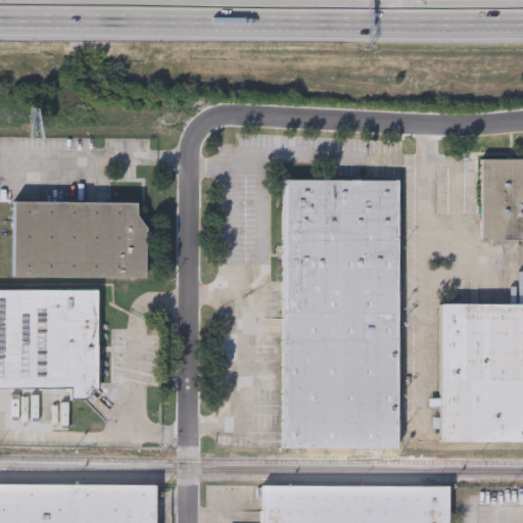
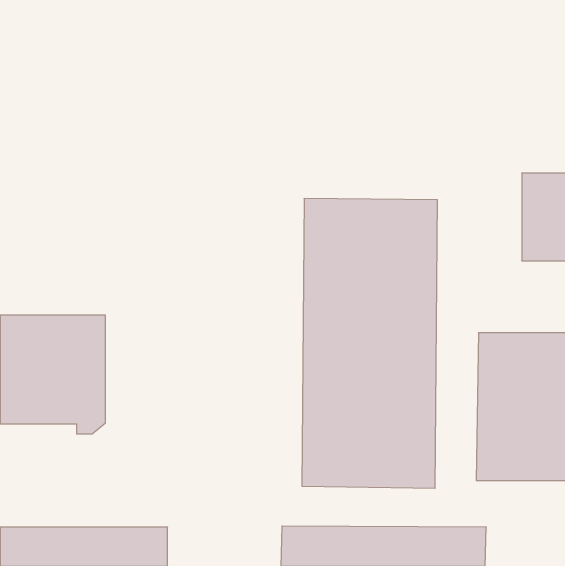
building: [14,201,144,278] -> none

